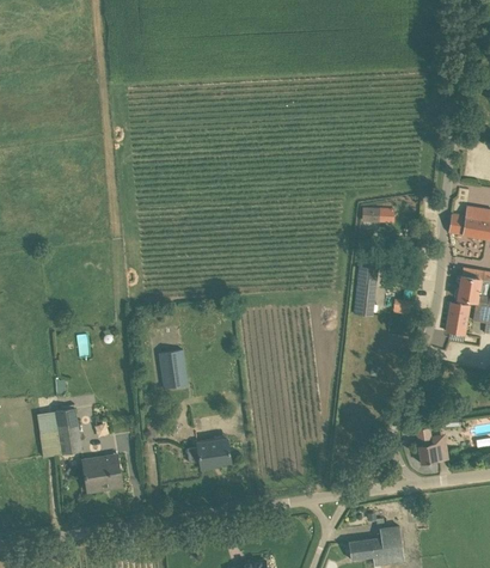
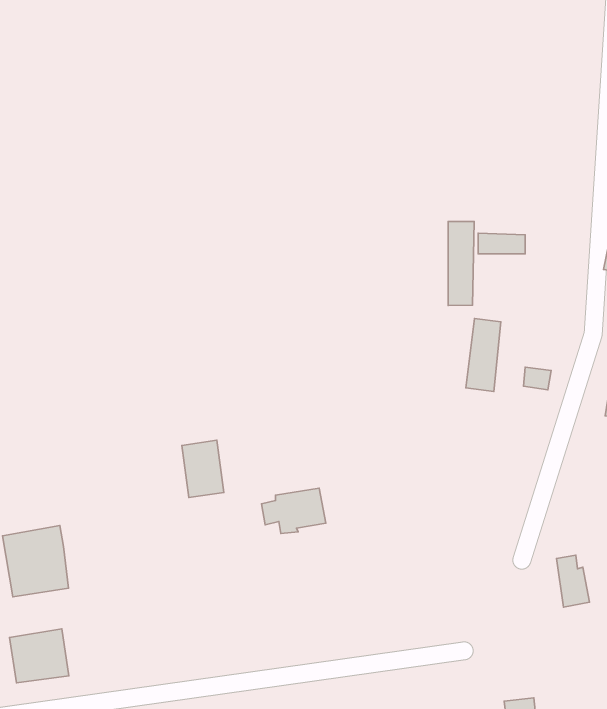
building: none -> [448,221,474,305]
building: [186,438,231,469] -> [262,488,326,534]
building: [81,454,122,491] -> [9,629,69,683]

